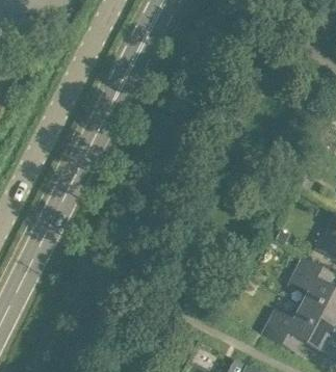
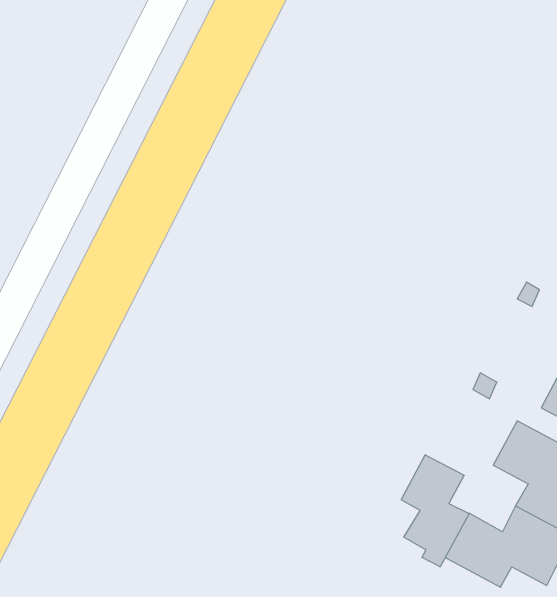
building: none -> [401,455,469,567]

